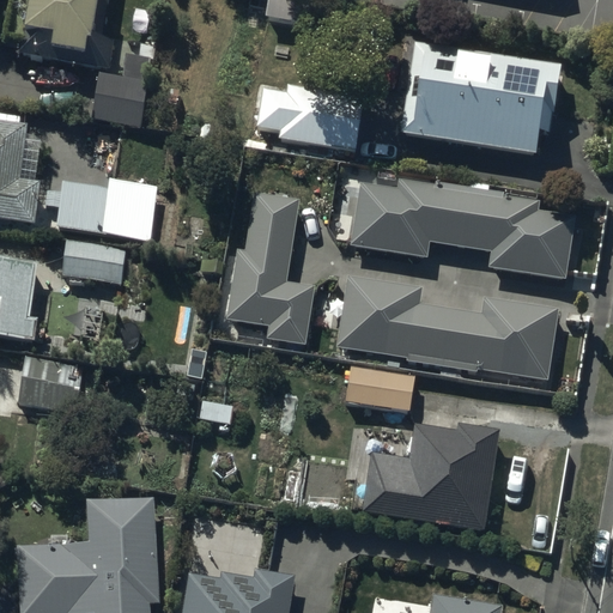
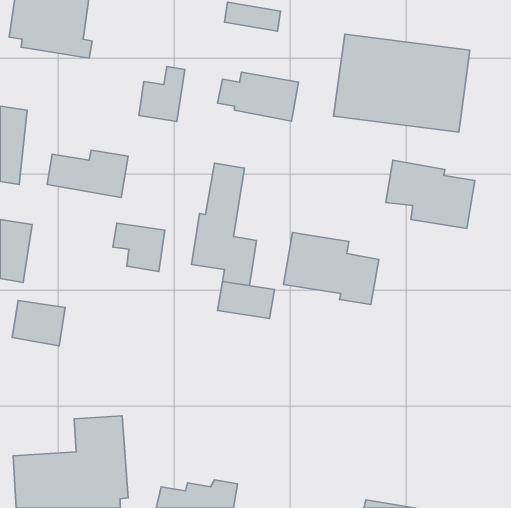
building: [93,61,148,127] -> [139,66,185,121]
building: [352,181,471,253] -> none
building: [60,241,122,298] -> [113,223,165,271]
building: [444,298,553,374] -> none
building: [345,366,413,411] -> [217,282,275,319]
building: [360,427,494,532] -> none

